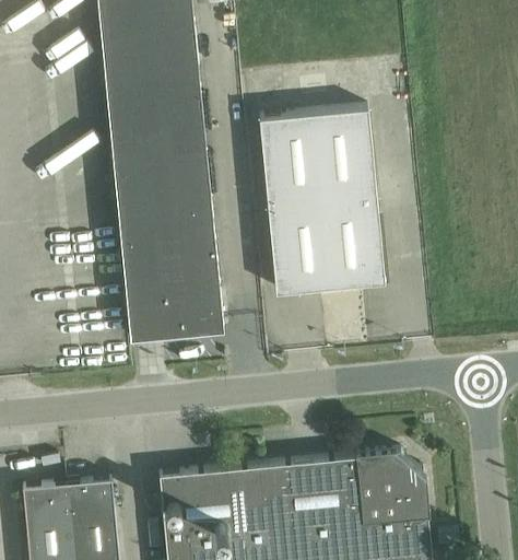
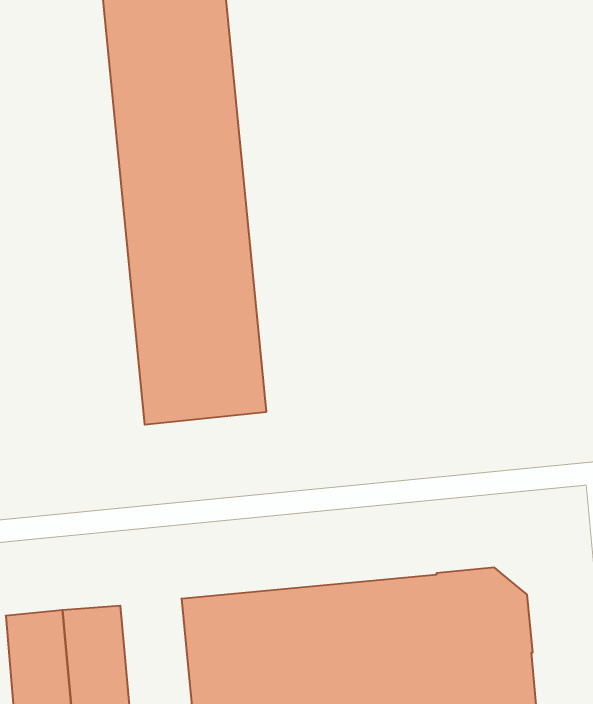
building: [259,110,385,294] -> none

